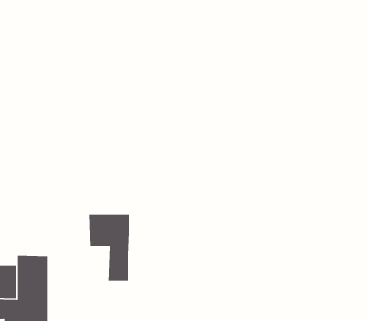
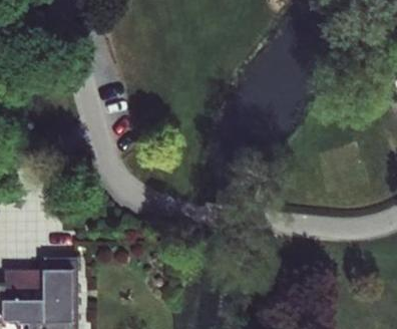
building: [88,214,130,282] -> none

